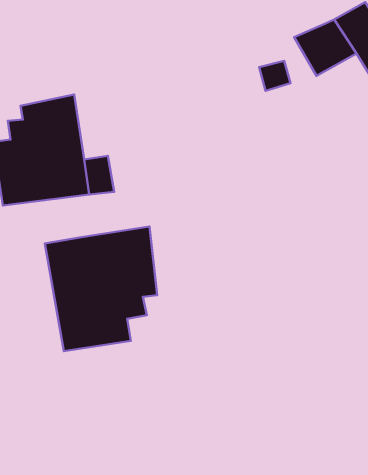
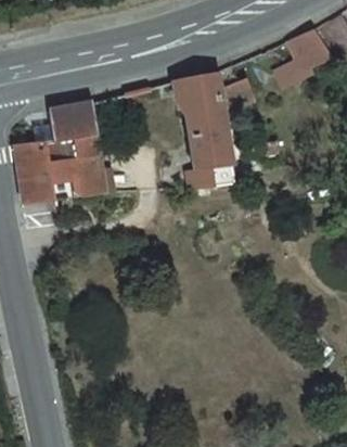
building: none -> [174,78,248,180]
building: [45,226,157,351] -> none

